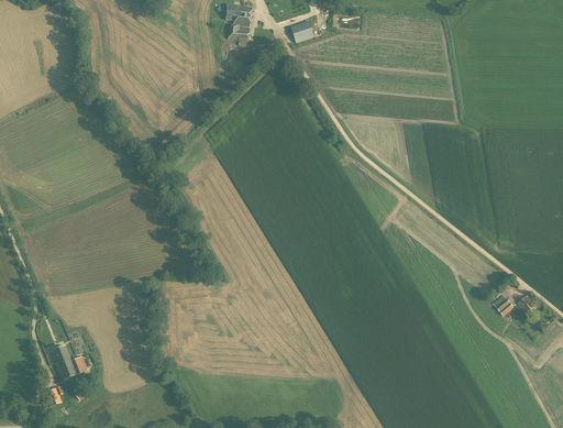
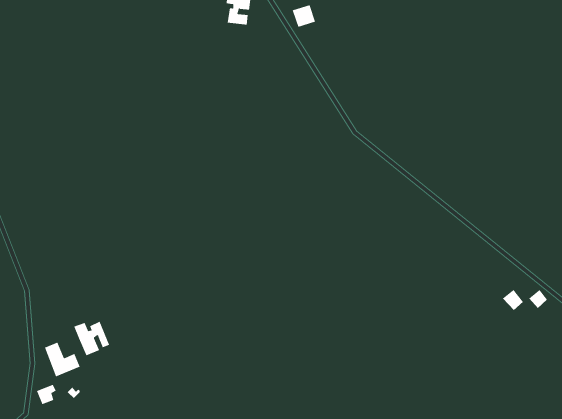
building: none -> [73,321,110,356]

